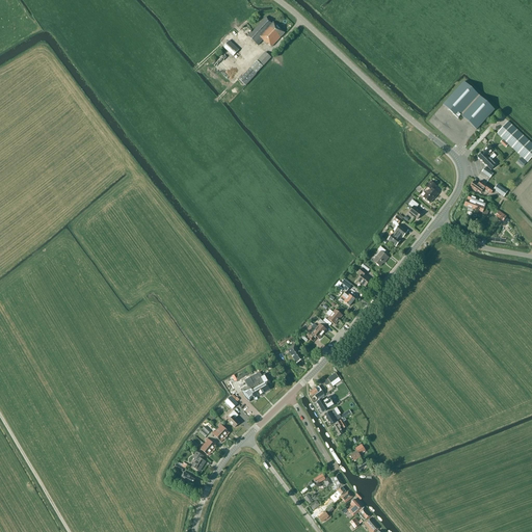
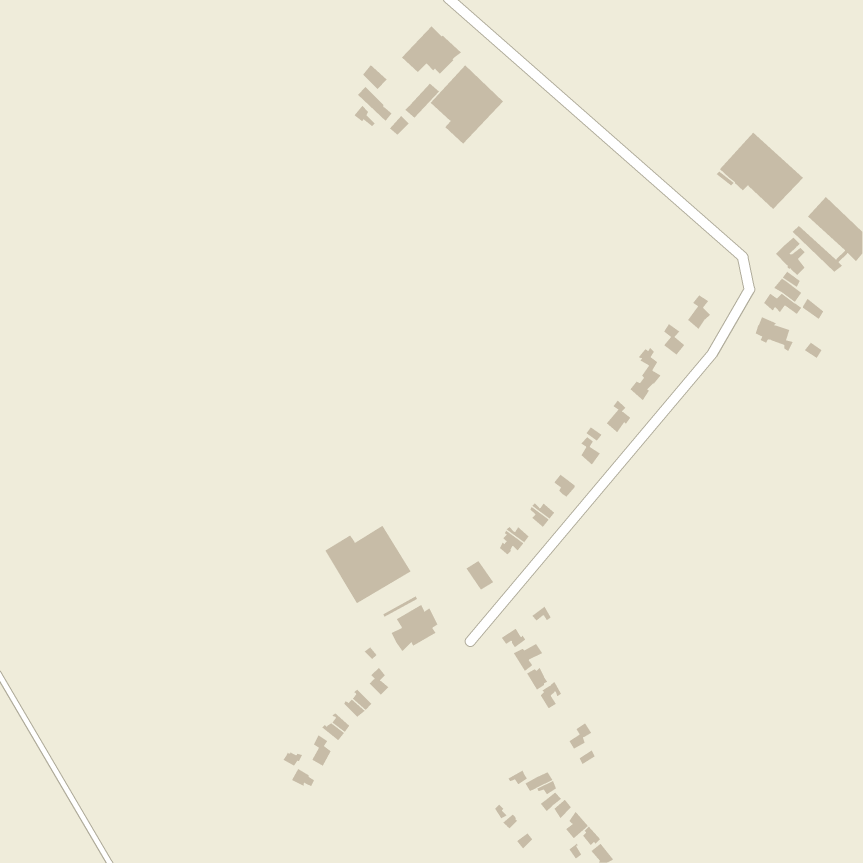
building: none -> [430,64,504,144]
building: none -> [325,525,412,604]

